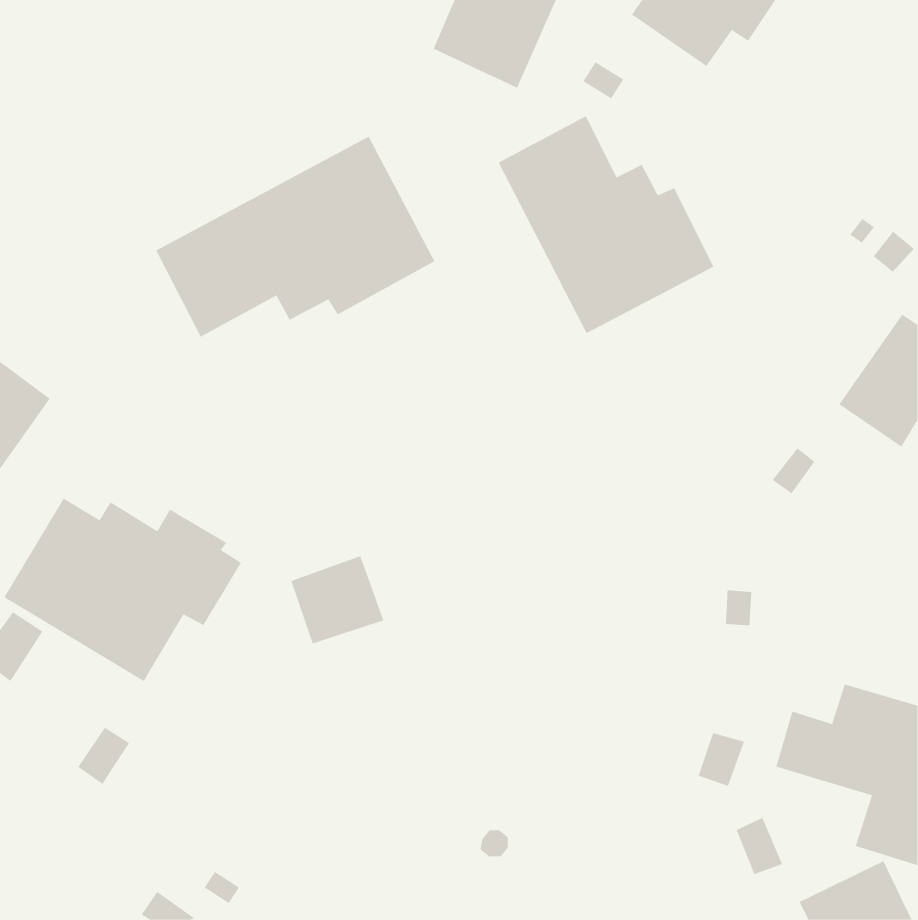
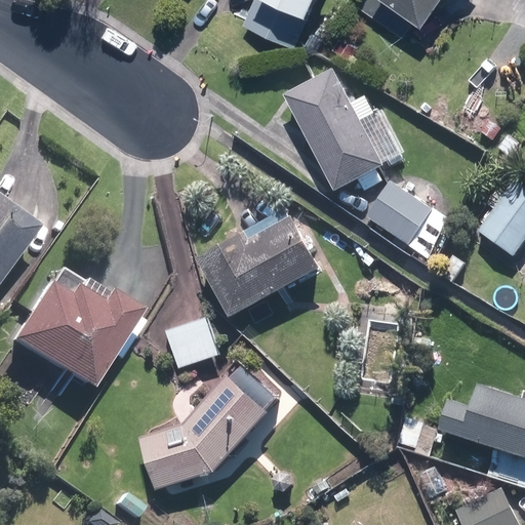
building: [156,136,435,338] -> none
building: none -> [366,179,447,257]
building: none -> [197,208,321,316]
building: none -> [142,369,279,494]

